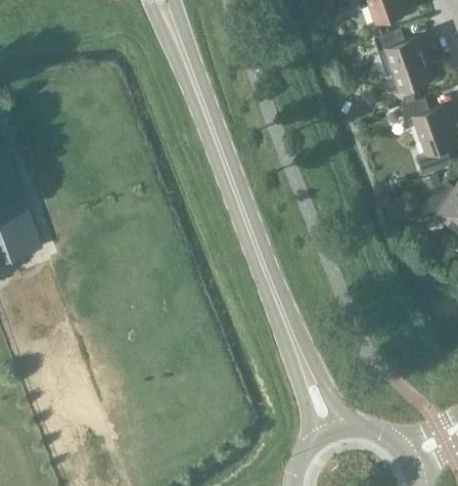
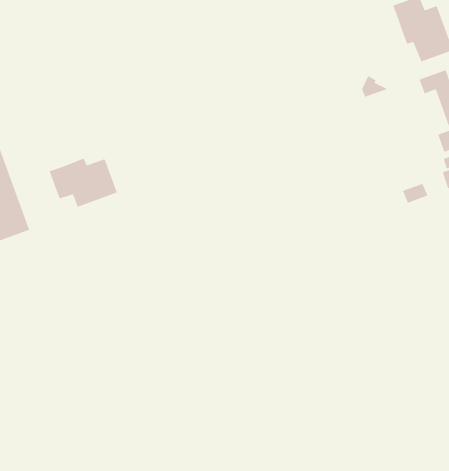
building: none -> [48,158,118,208]

